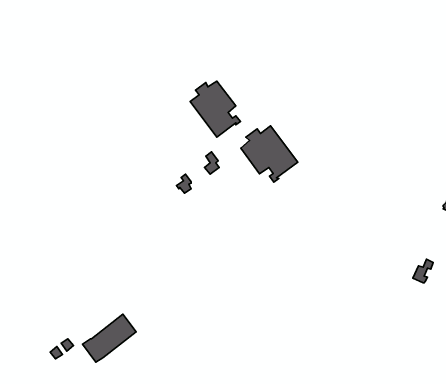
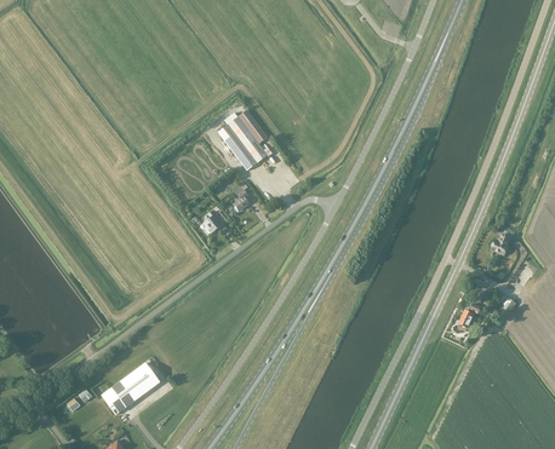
building: [241,126,298,182] -> none

